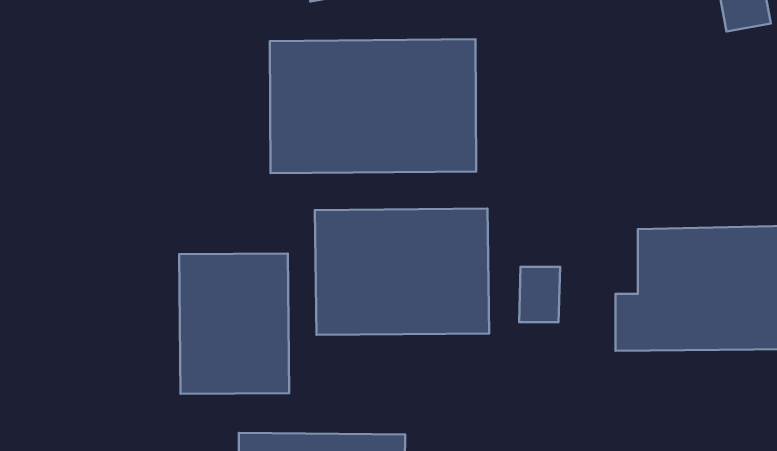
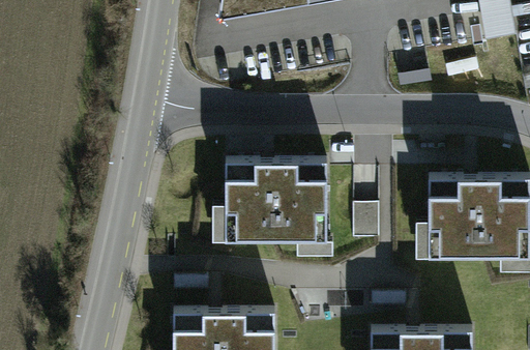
building: [270,39,476,173] -> none
building: [179,254,289,394] -> none

